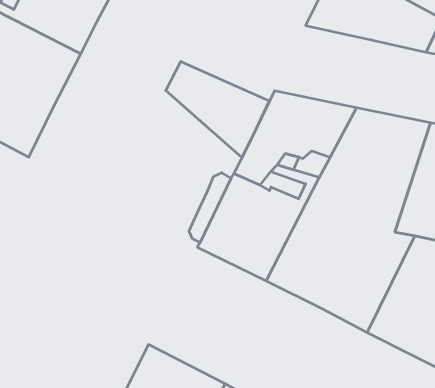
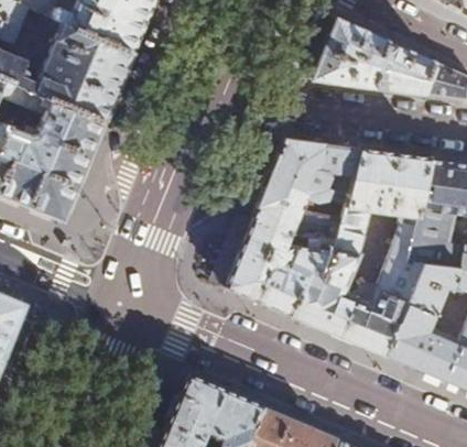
building: [166,61,269,158] -> none

